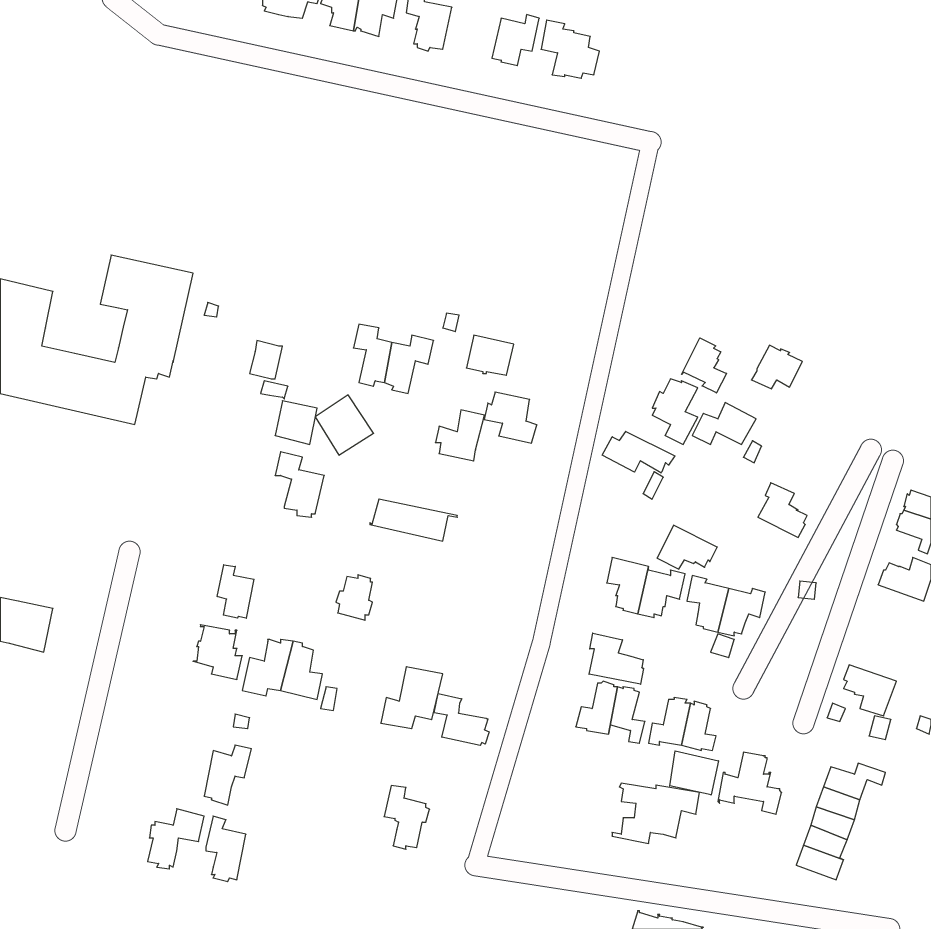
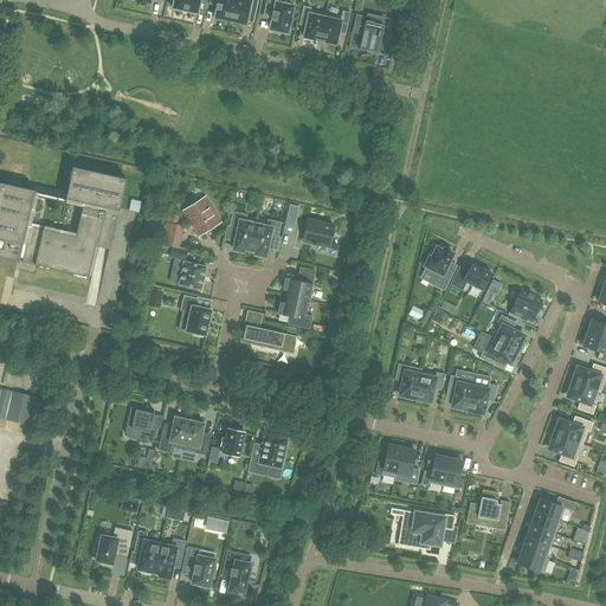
building: none -> [298,5,325,38]
building: [682,338,727,393] -> none
building: [751,345,802,389] -> [509,289,542,317]
building: [484,392,537,443] -> [278,295,312,328]
building: [315,395,374,455] -> [183,195,221,234]
building: [602,431,675,473] -> none
building: [657,525,717,569] -> [479,335,518,363]
building: [217,565,254,618] -> none
building: [336,575,372,620] -> [220,426,244,456]
building: none -> [567,380,600,413]
building: [589,633,644,684] -> none
building: none -> [552,414,593,443]
building: [434,694,489,745] -> none
building: [204,745,251,805] -> [154,539,185,578]
building: [670,751,718,795] -> none
building: [384,786,430,849] -> [223,550,252,592]
building: none -> [186,546,215,586]

